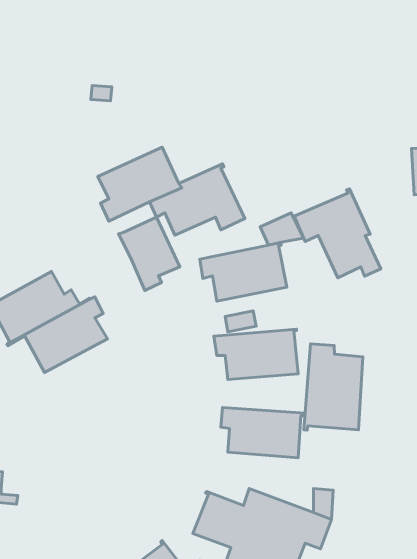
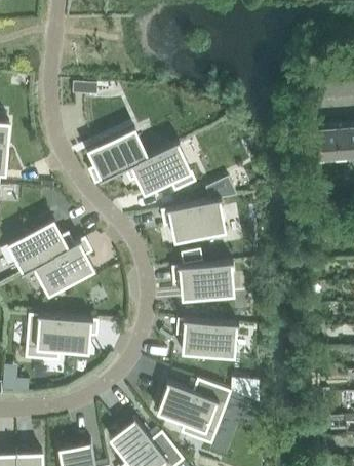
building: [294,189,381,278] -> none
building: [119,217,180,290] -> none
building: [304,344,363,430] -> none
building: none -> [26,315,97,360]

